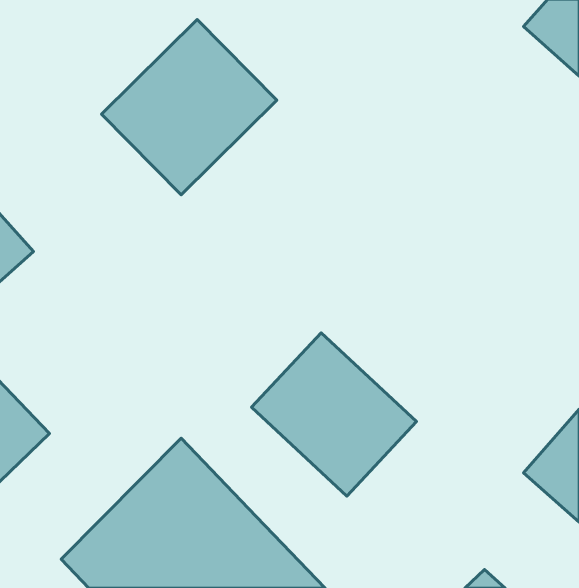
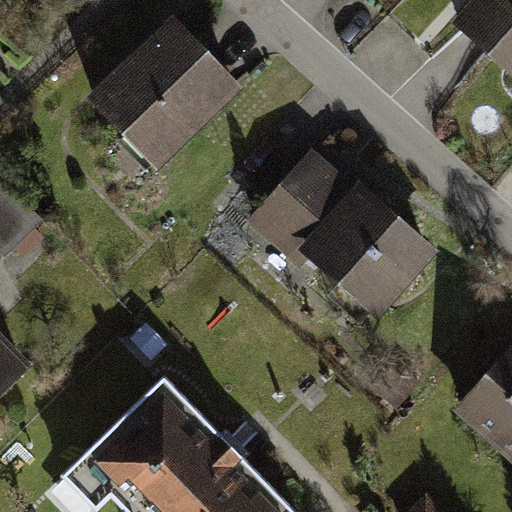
building: none -> [250,143,441,331]
building: [252,333,417,496] -> none

